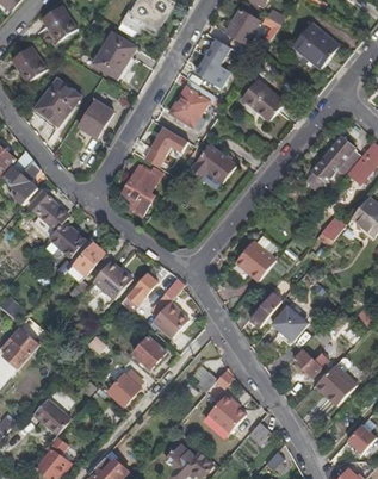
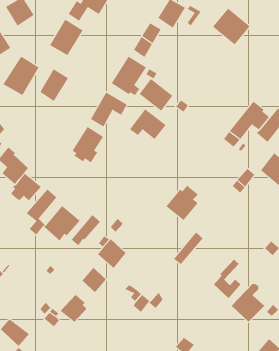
building: [243,79,285,119] -> [139,78,173,111]
building: [273,306,309,341] -> none
building: [207,394,244,433] -> none

